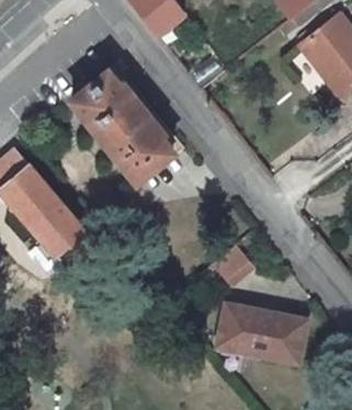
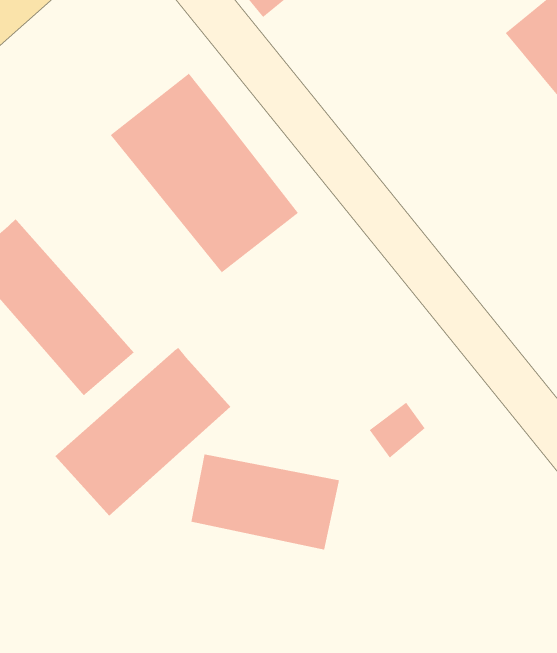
building: none -> [54,347,231,516]
building: [218,304,305,360] -> [191,454,340,550]

